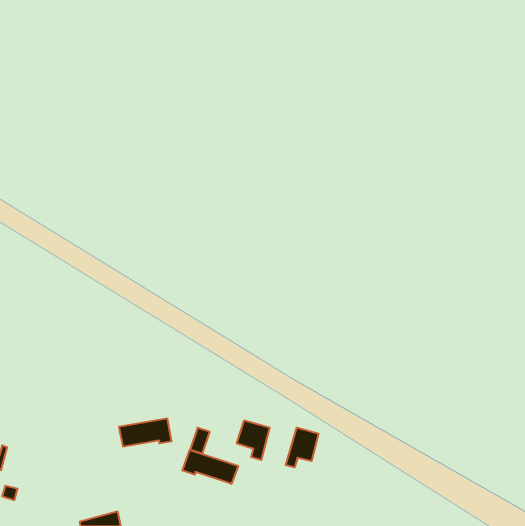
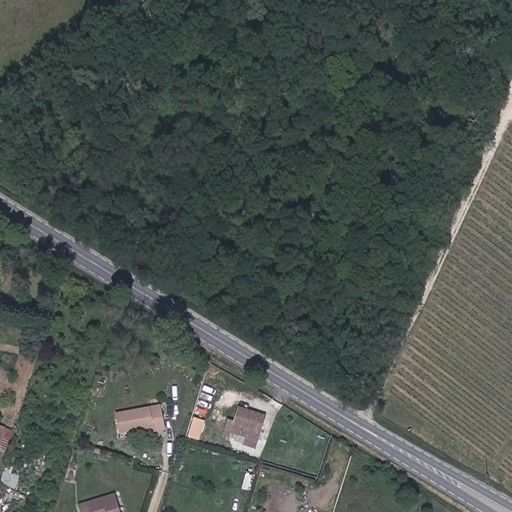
building: [286,428,319,467] -> none
building: [182,450,238,484] -> none

